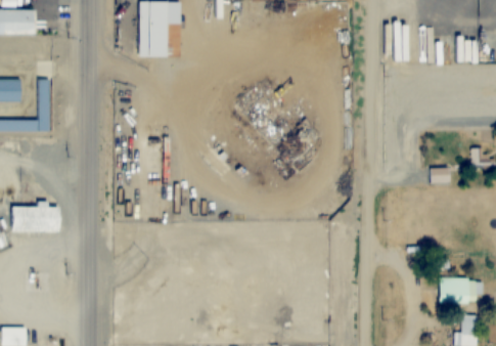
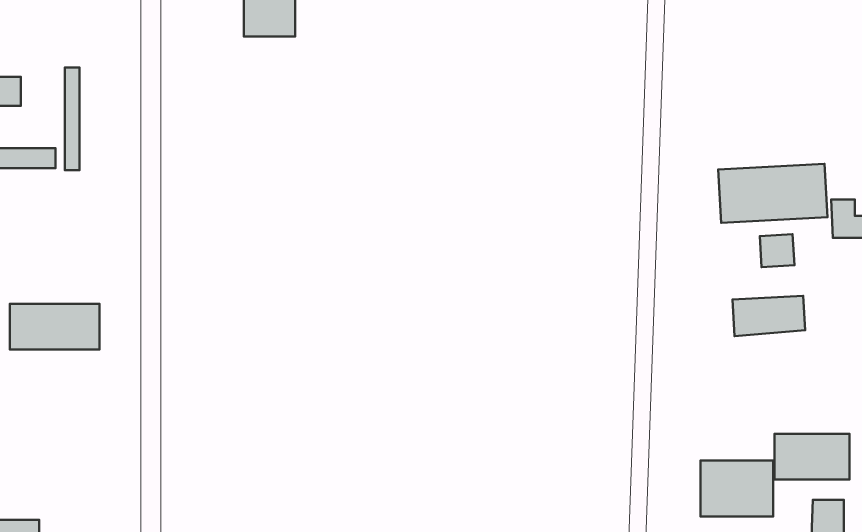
building: none -> [718,164,827,223]
building: none -> [733,296,805,336]
building: none -> [701,461,773,517]

